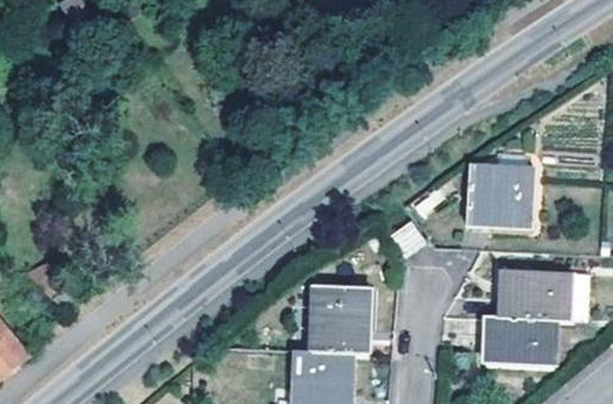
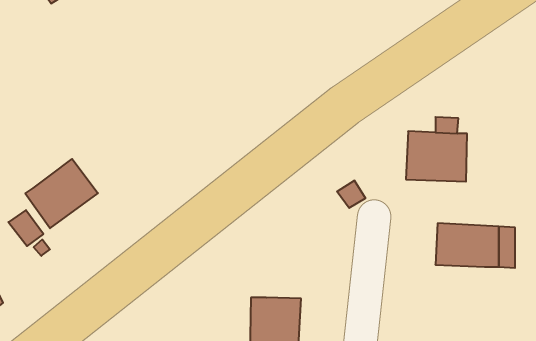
building: none -> [25,159,98,228]
building: [311,286,368,353] -> none
building: [484,315,553,367] -> none

